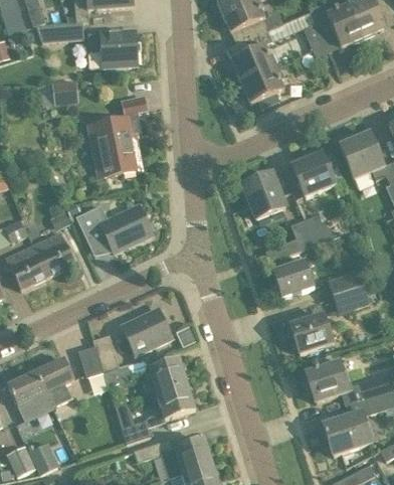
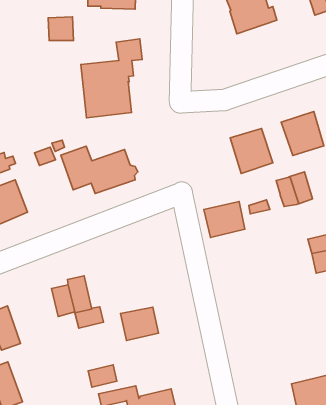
building: [240,64,284,109] -> none
building: [33,231,76,276] -> none
building: [272,260,315,298] -> [204,201,245,238]
building: [122,308,173,354] -> none
building: [290,314,333,354] -> none
building: [36,357,74,407] -> none
building: [306,361,350,402] -> none
building: [157,384,196,420] -> none

